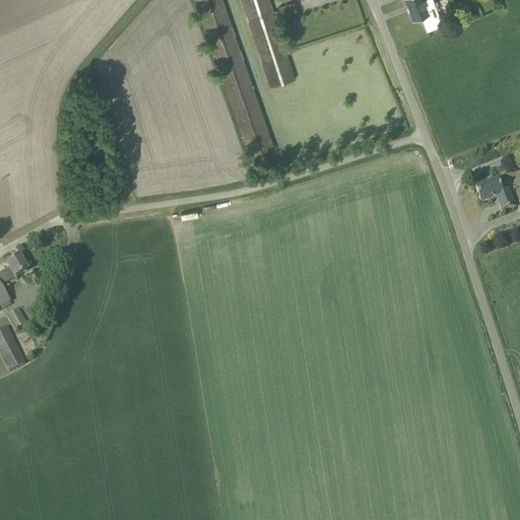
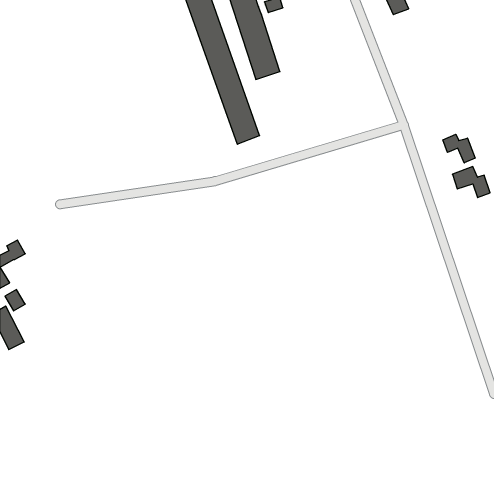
building: none -> [443,134,475,163]

